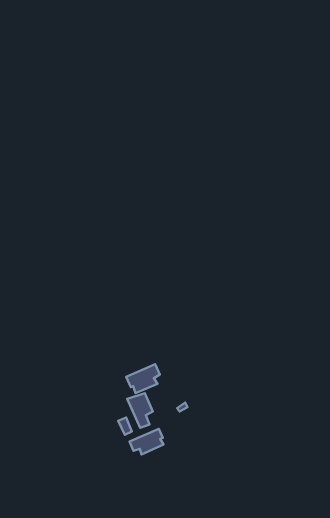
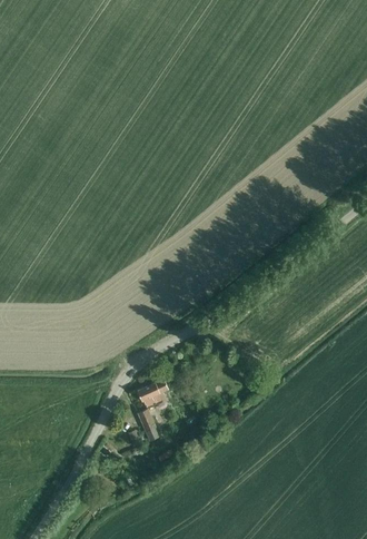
building: [129,429,164,455] -> none

